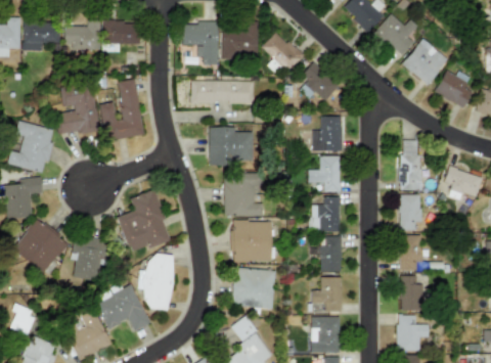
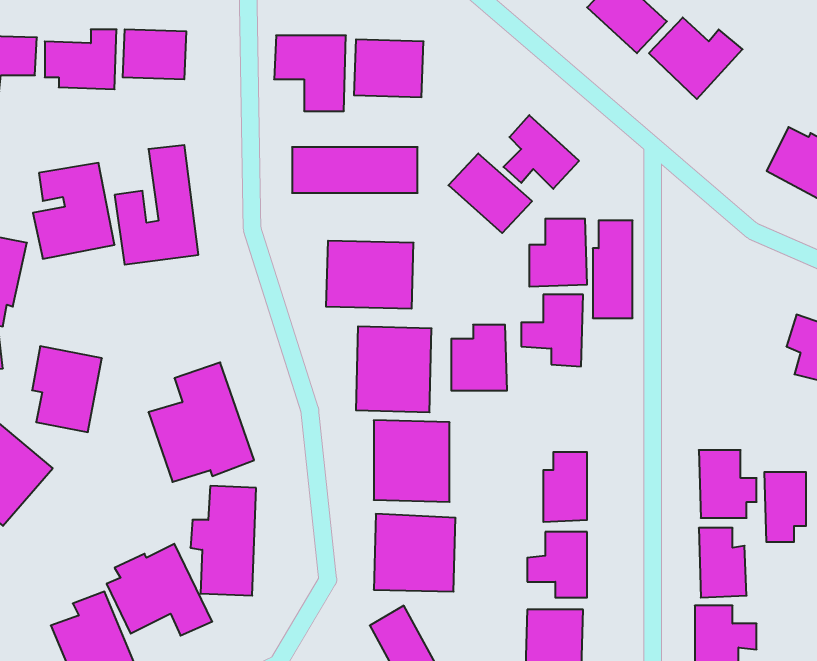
building: [261,31,304,72] -> [448,153,532,233]
building: [402,39,448,85] -> none
building: [400,140,420,190] -> [593,220,633,318]
building: [400,194,421,230] -> [764,472,806,542]
building: [313,197,342,231] -> [451,325,507,391]
building: [71,237,106,281] -> [32,346,102,432]

